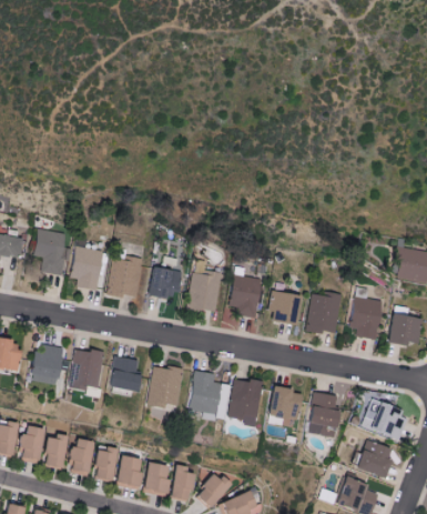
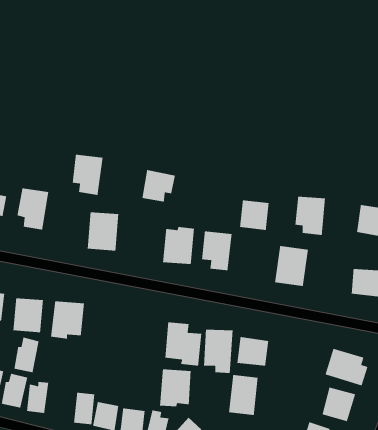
building: [72,245,105,290] -> [72,154,103,196]
building: [148,265,184,301] -> [141,169,176,203]
building: [268,291,301,324] -> [239,199,270,231]
building: [349,296,383,339] -> [294,196,326,236]
building: [111,356,141,390] -> none
building: [150,366,184,407] -> [159,368,192,407]
building: [308,392,340,436] -> [228,374,259,416]
building: [68,437,95,476] -> [13,337,40,373]

